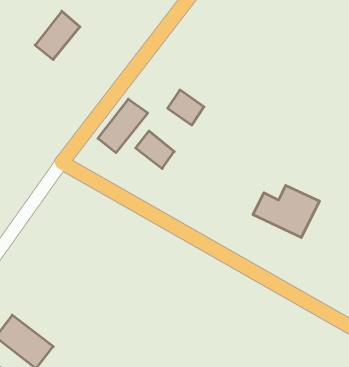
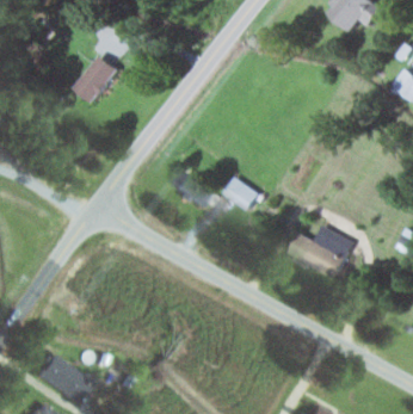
building: [168,90,204,125] -> [222,175,258,210]
building: [98,99,148,153] -> none

